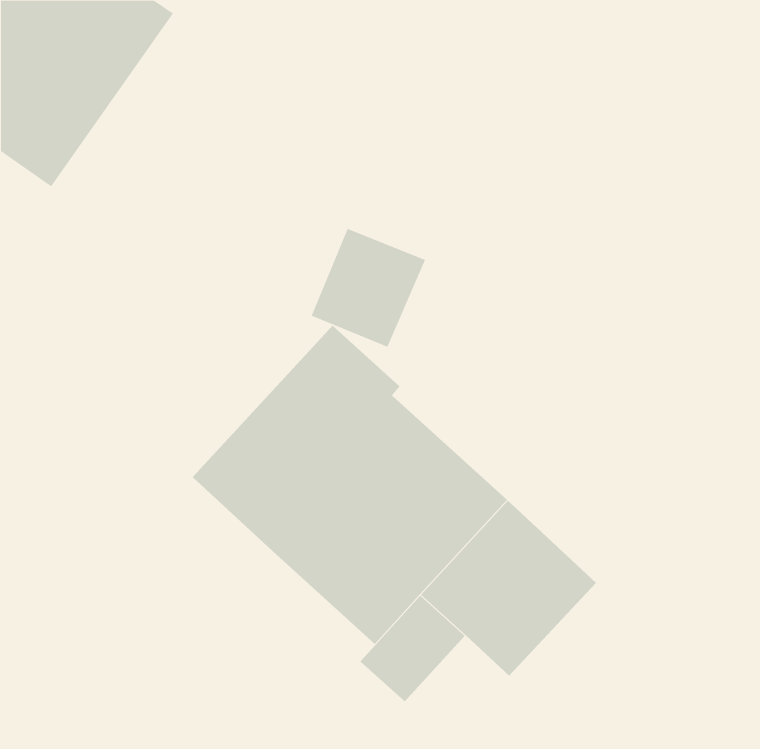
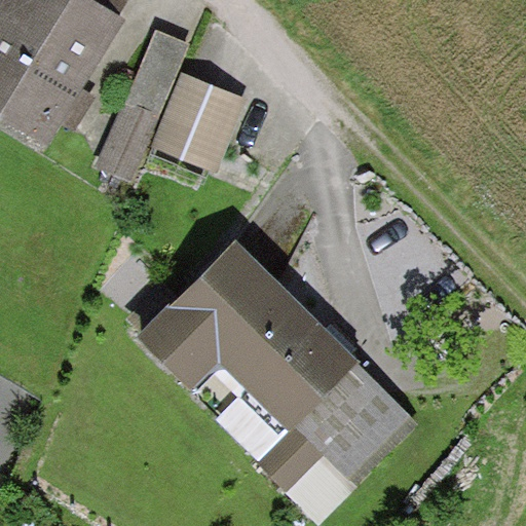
building: none -> [100,32,194,177]
building: [311,228,426,348] -> [161,83,239,164]

